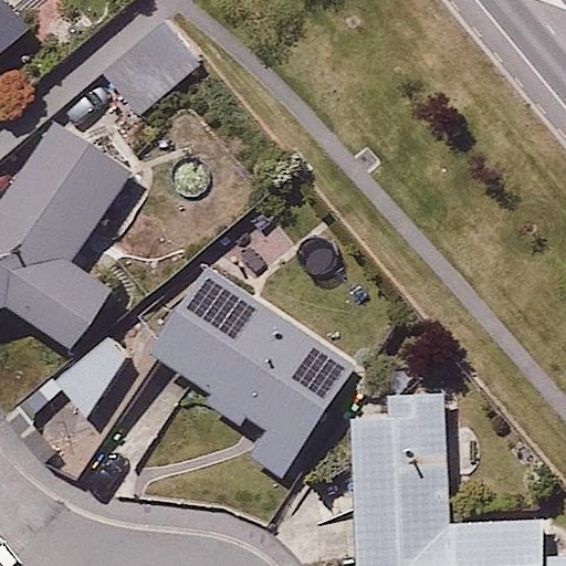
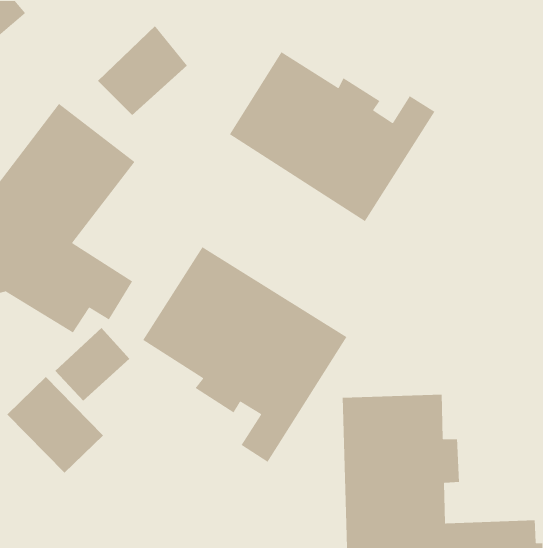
building: none -> [229,51,435,222]

